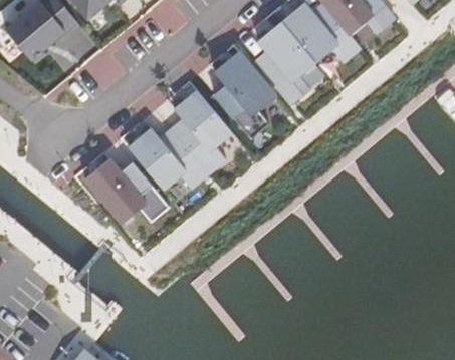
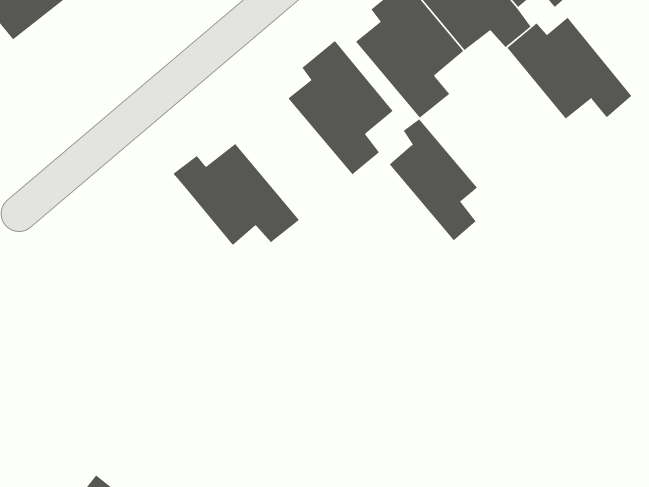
building: none -> [506,17,632,120]
building: [170,92,228,172] -> [389,118,478,241]
building: [92,150,177,221] -> none

